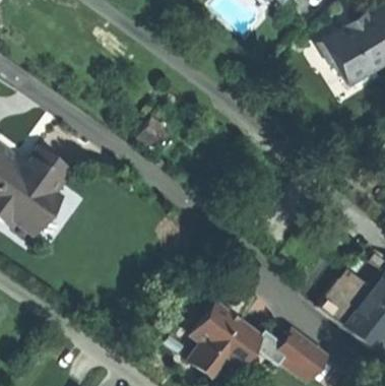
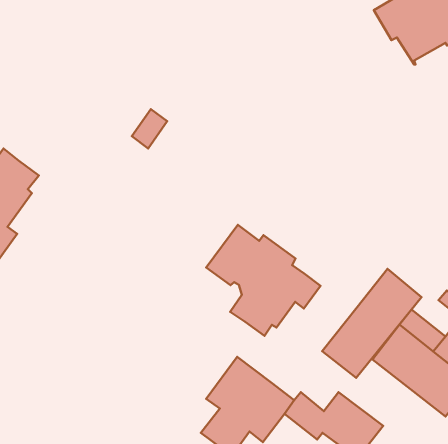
building: none -> [206,225,320,336]
building: none -> [322,269,422,378]

